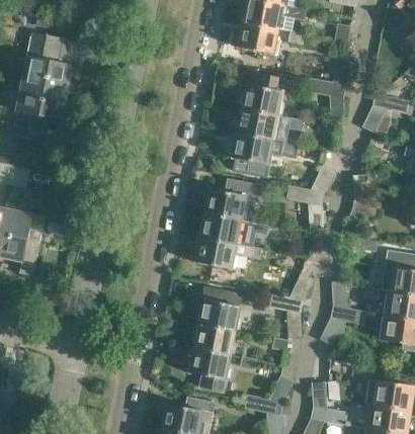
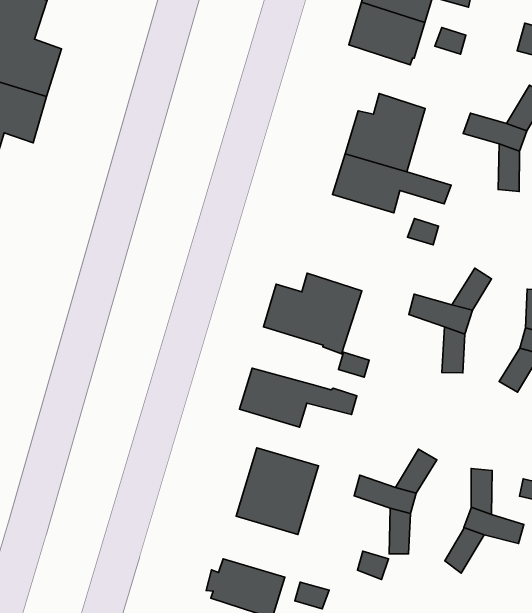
building: [231,133,272,164] -> none
building: [199,212,239,243] -> none
building: [193,323,235,355] -> none

